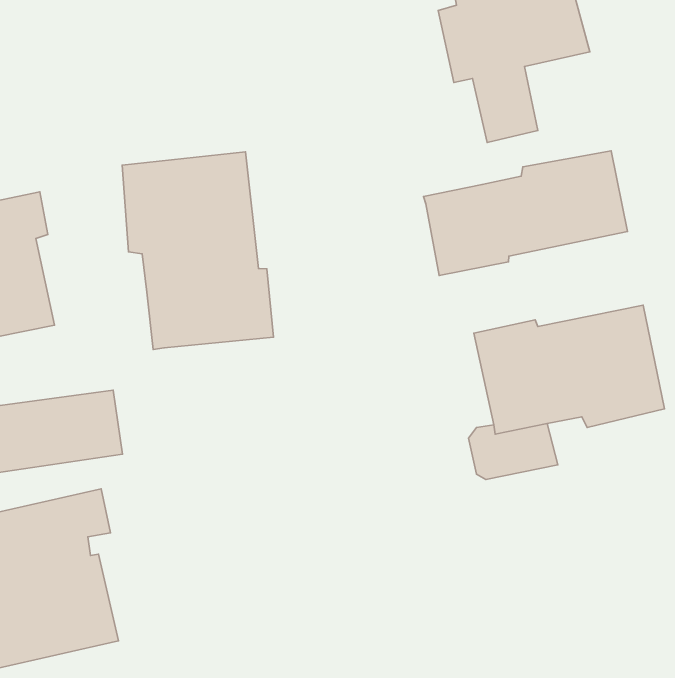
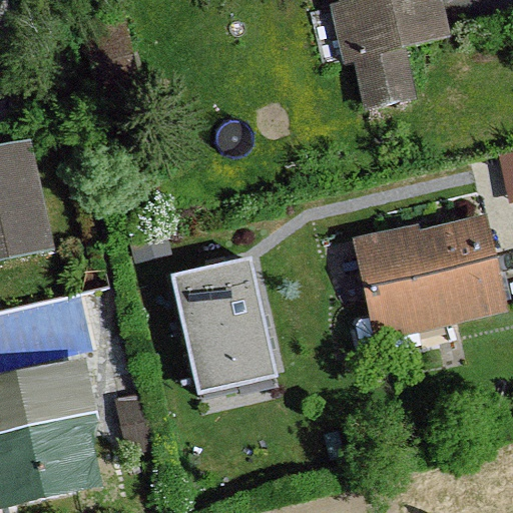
building: [424,151,628,276] -> none
building: [122,152,273,350] -> none
building: none -> [181,258,279,386]

